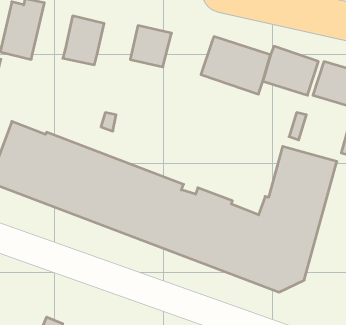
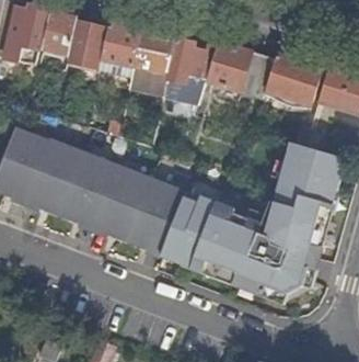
building: none -> [40,10,77,55]
building: none -> [101,23,141,66]
building: none -> [162,38,216,102]

